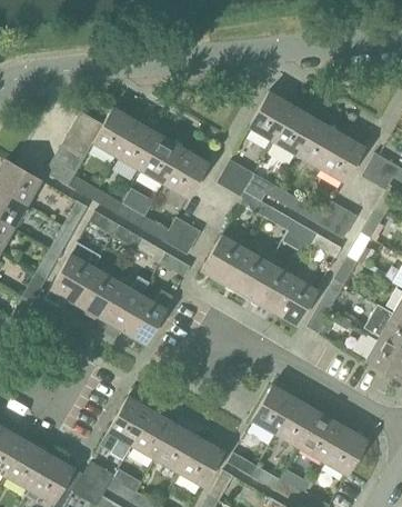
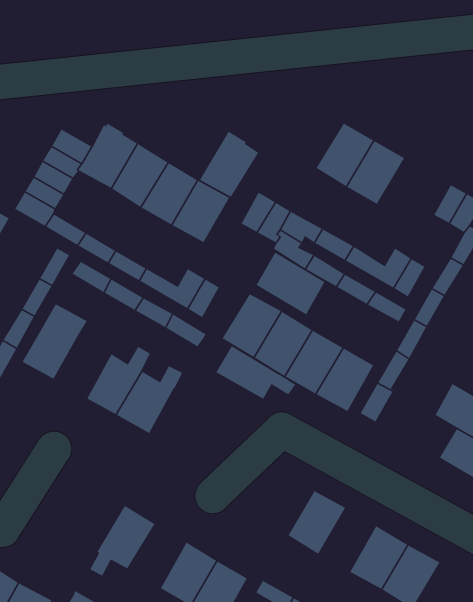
building: [249,90,294,141] -> [199,130,259,198]
building: [320,133,364,182] -> none
building: none -> [256,252,326,315]
building: [76,268,119,316] -> none
building: none -> [215,345,296,400]
building: [275,398,319,447] -> none
building: [131,410,175,459] -> none

